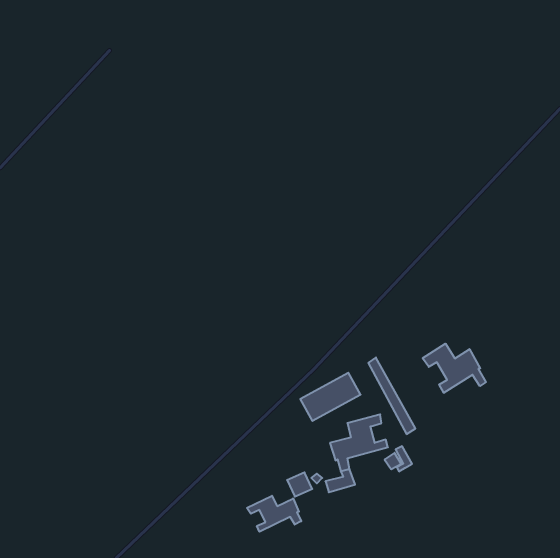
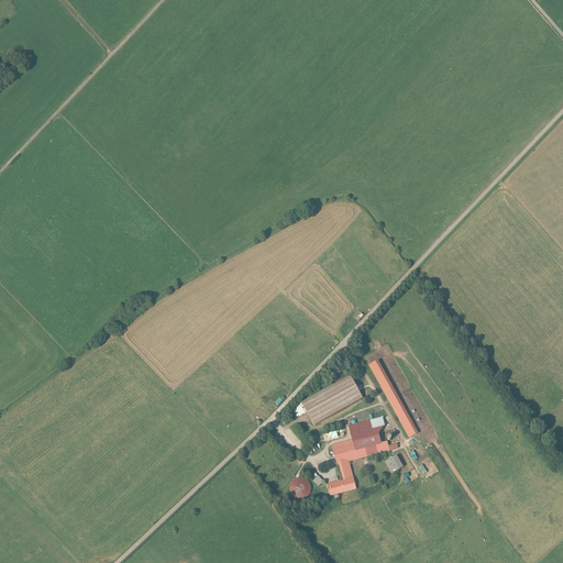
building: [423,344,486,393] -> none
building: [247,496,301,532] -> none

